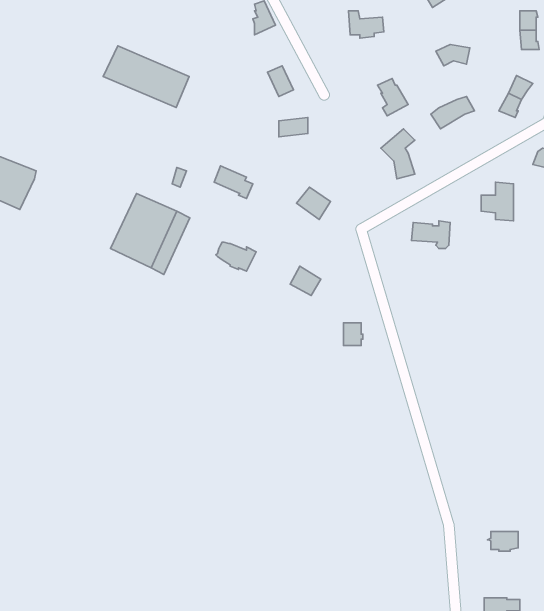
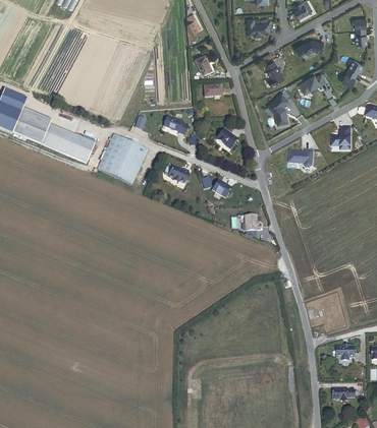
building: [103,46,189,107] -> [40,125,94,164]

